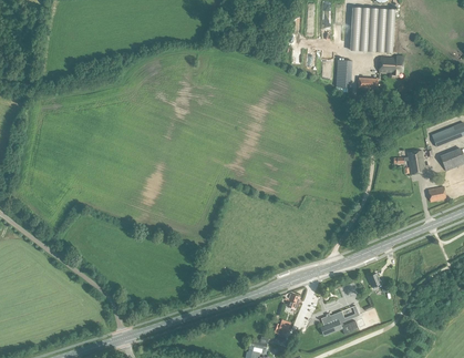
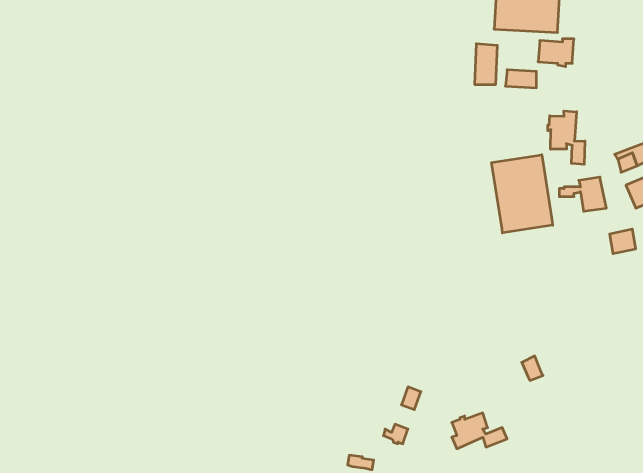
building: none -> [548,111,585,164]
building: none -> [492,155,553,233]

